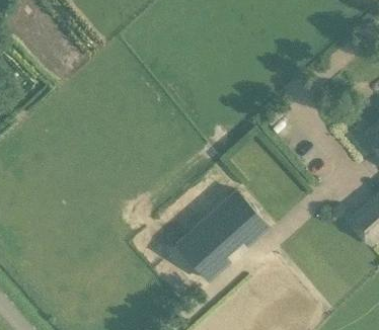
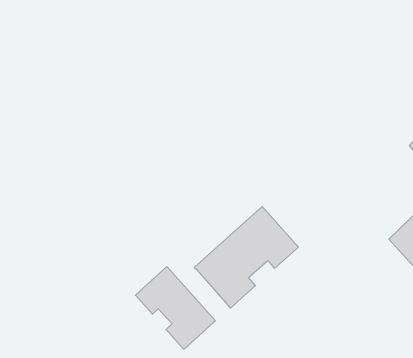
building: none -> [135,267,215,349]

